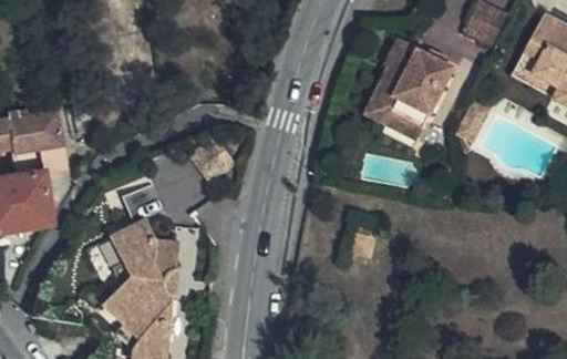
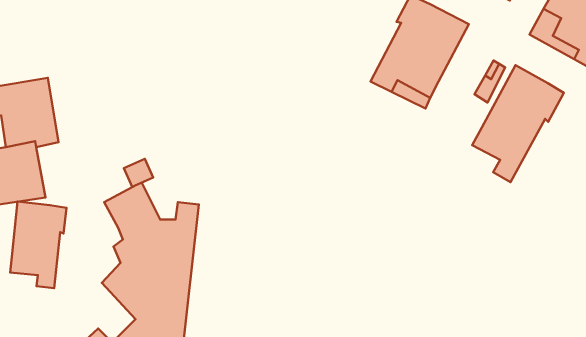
building: none -> [472,65,564,182]
building: none -> [10,202,66,288]

